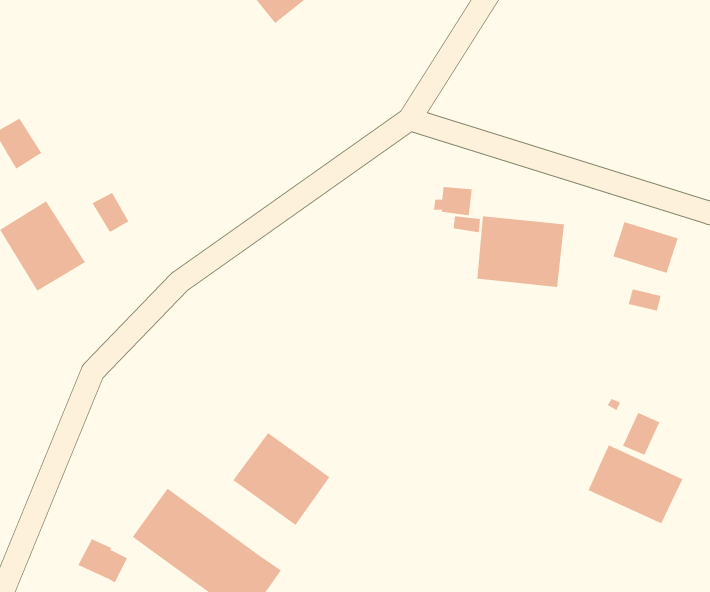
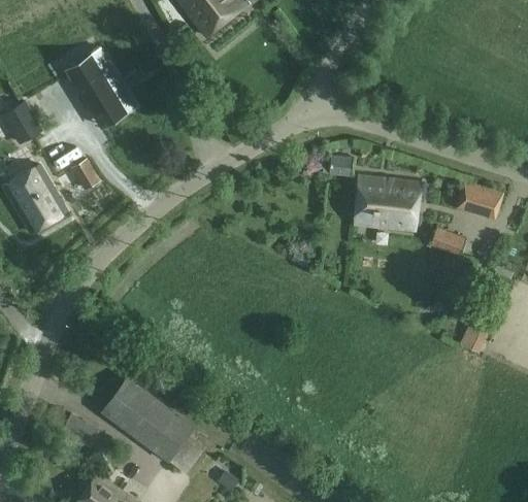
building: none -> [67,49,134,124]
building: none -> [430,228,465,257]
building: [232,432,330,526] -> none
building: [588,444,683,524] -> none

